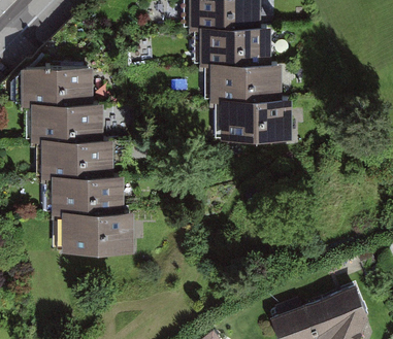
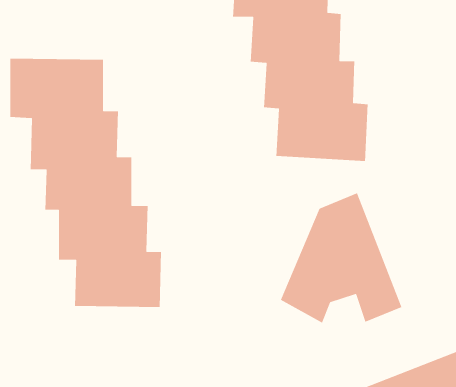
building: none -> [280,192,403,324]

